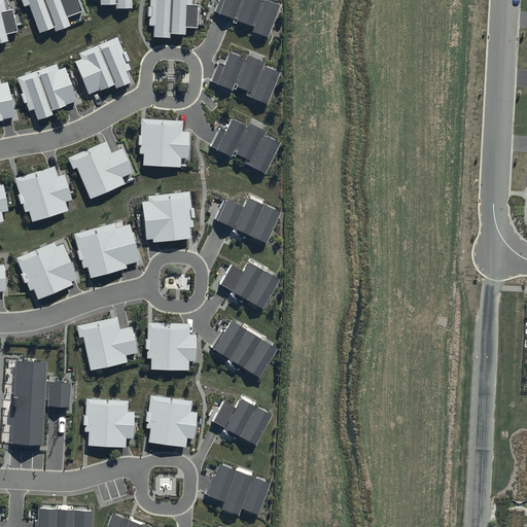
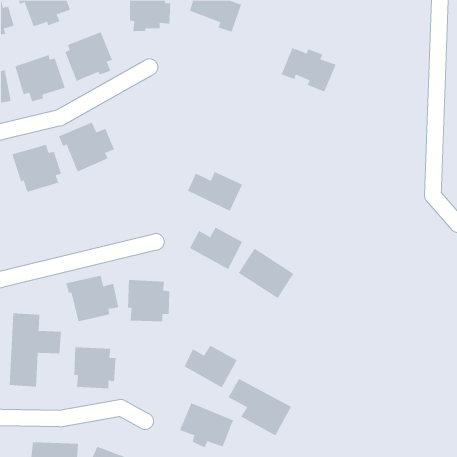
building: [216,54,280,105] -> [281,47,337,92]
building: [140,118,189,168] -> none
building: [216,120,280,175] -> none
building: [142,191,194,242] -> none
building: [74,223,139,277] -> none
building: [17,243,76,300] -> none
building: [213,320,278,379] -> [238,248,294,299]
building: [146,395,198,448] -> none
building: none -> [228,378,292,436]

